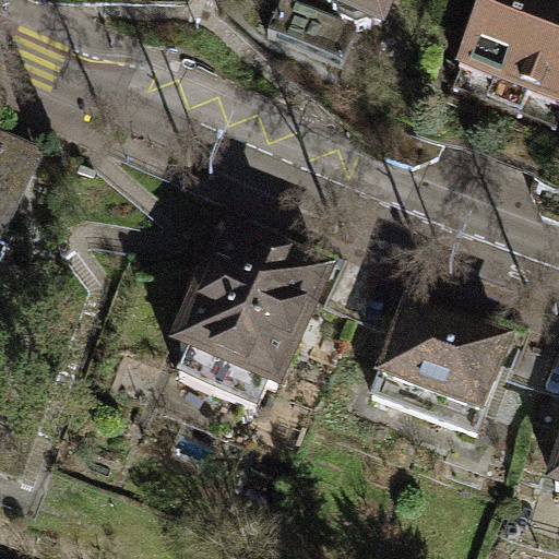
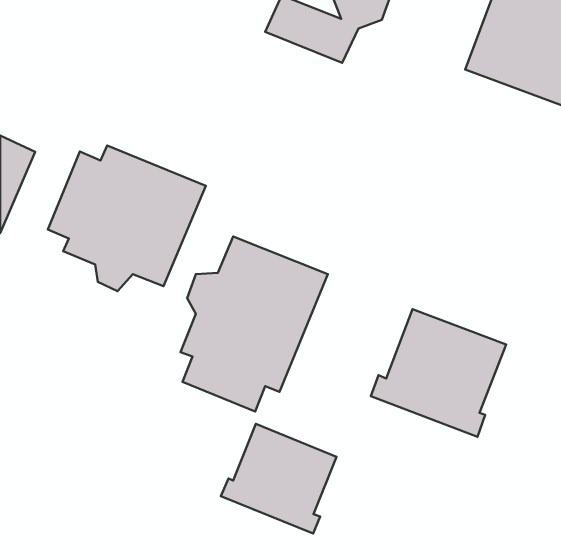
building: none -> [48,146,206,291]
building: none -> [221,424,336,534]

